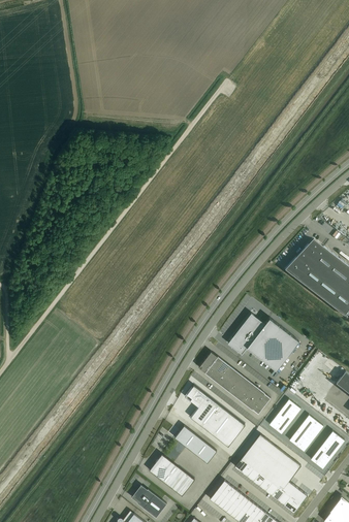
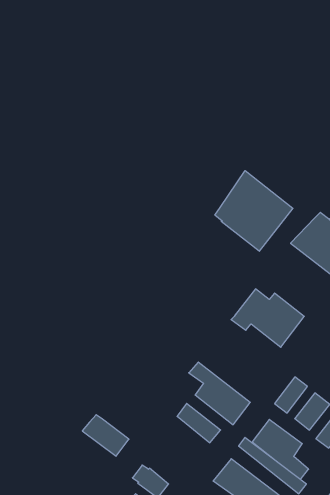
building: none -> [215,171,293,251]
building: [198,352,269,414] -> none
building: [148,455,193,495] -> [82,415,129,456]

